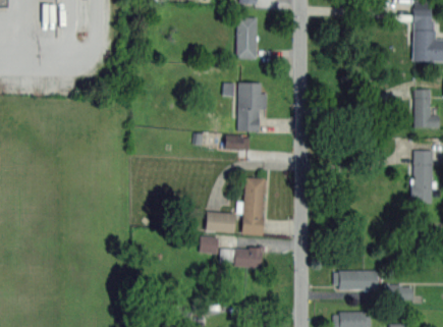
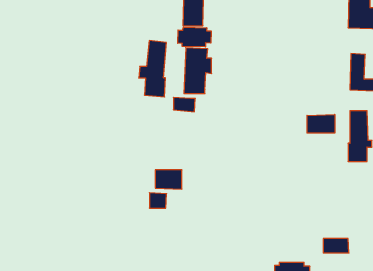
building: none -> [178,27,211,47]
building: none -> [307,114,335,133]
building: [235,176,265,236] -> [139,41,166,97]
building: [219,246,265,268] -> none
building: [333,270,377,290] -> none

